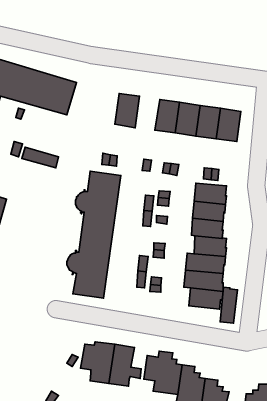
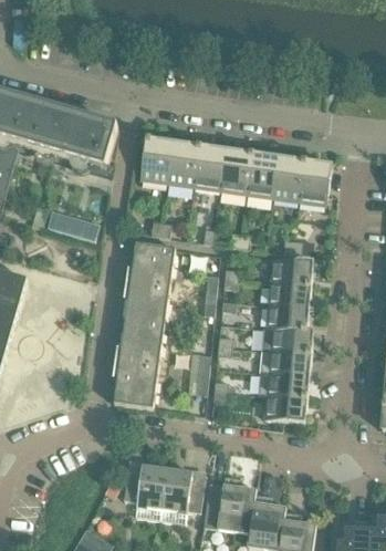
building: none -> [139,137,173,181]
building: none -> [194,145,226,189]
building: [220,287,237,323] -> none

